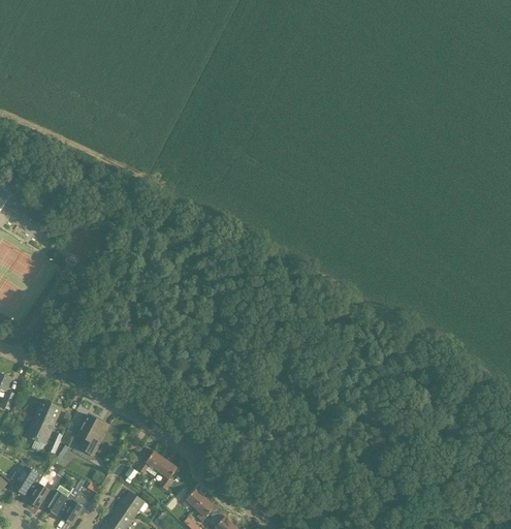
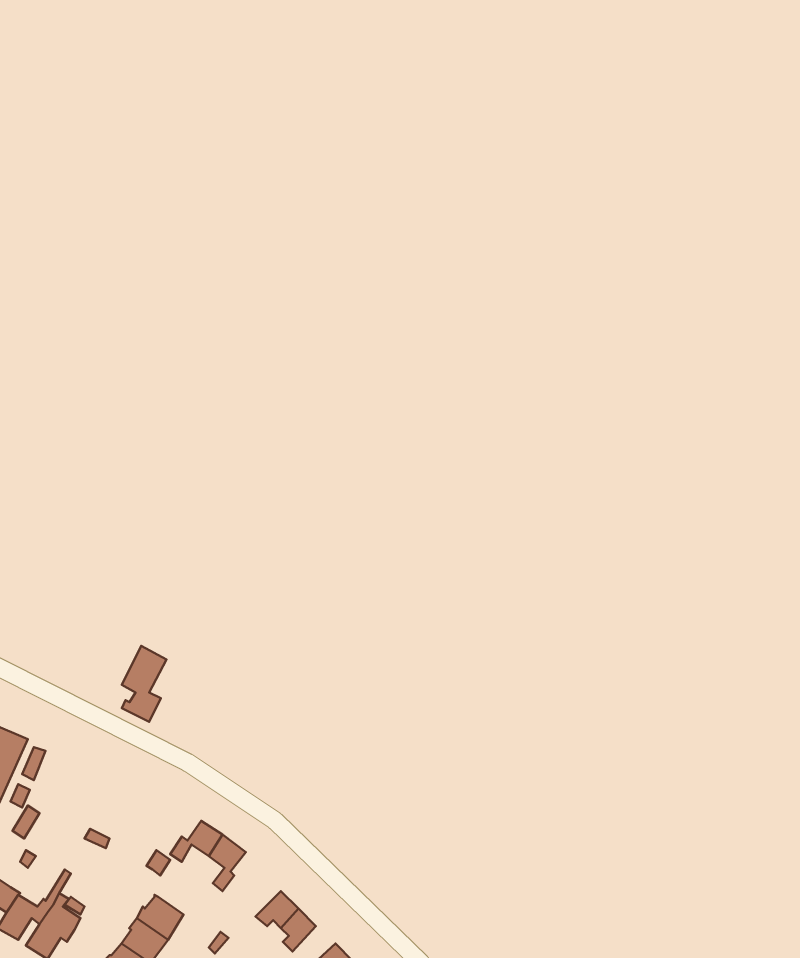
building: [78,414,102,455] -> [122,646,167,722]

